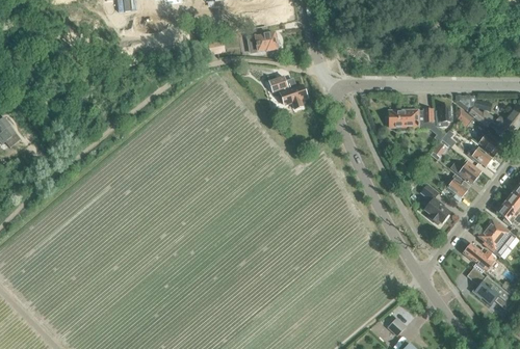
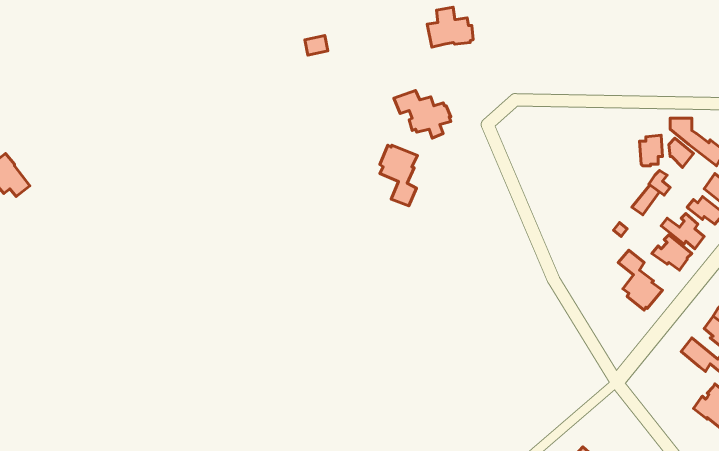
building: [248,25,279,52] -> [427,7,473,47]
building: [386,108,432,131] -> none
building: none -> [380,145,418,206]

